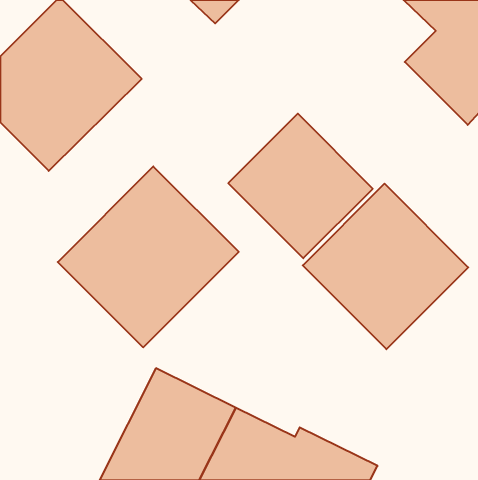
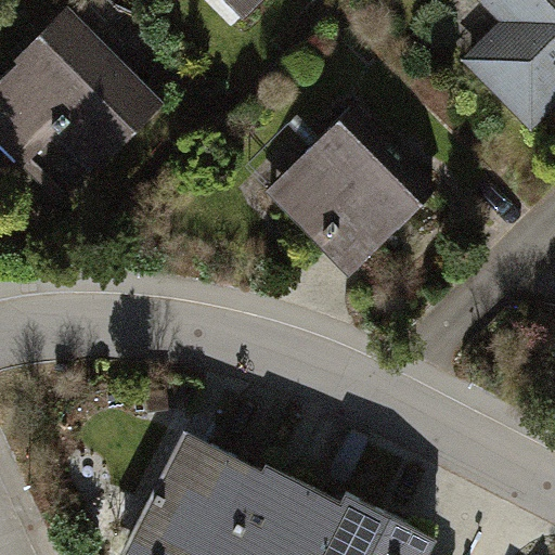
building: [58,166,239,347] -> none
building: [303,184,468,349] -> none

